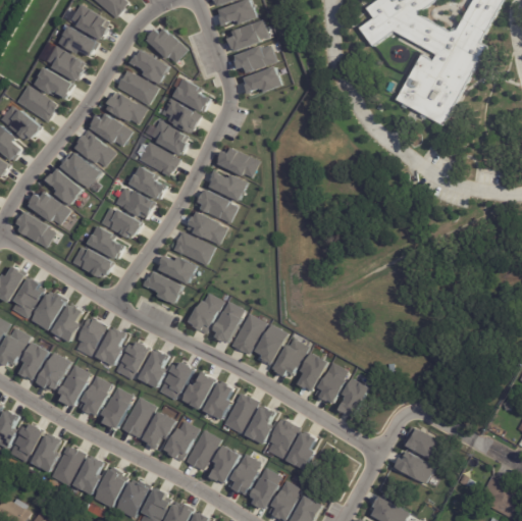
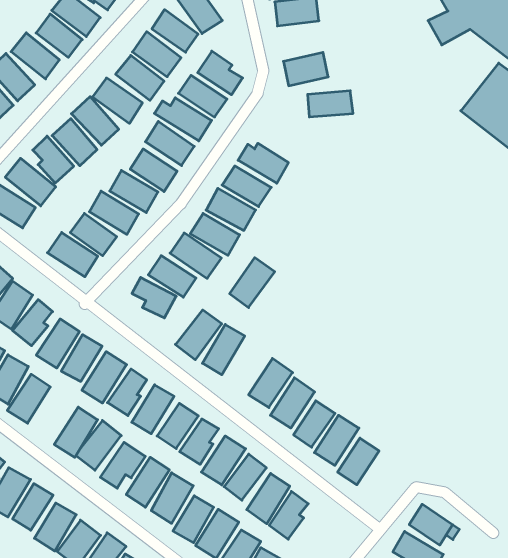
building: [234,45,274,71] -> [308,91,353,117]
building: [230,313,265,355] -> [230,258,275,308]
building: [79,375,110,416] -> none

